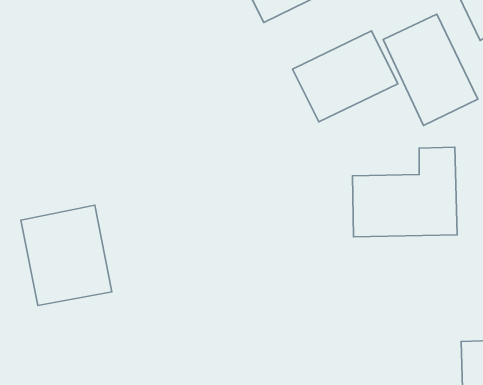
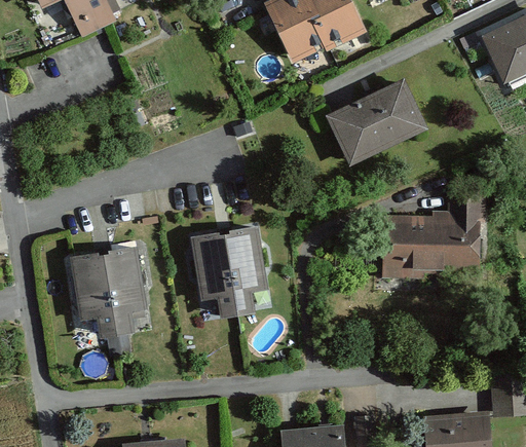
building: [383,14,478,125] -> none
building: none -> [186,224,270,319]

